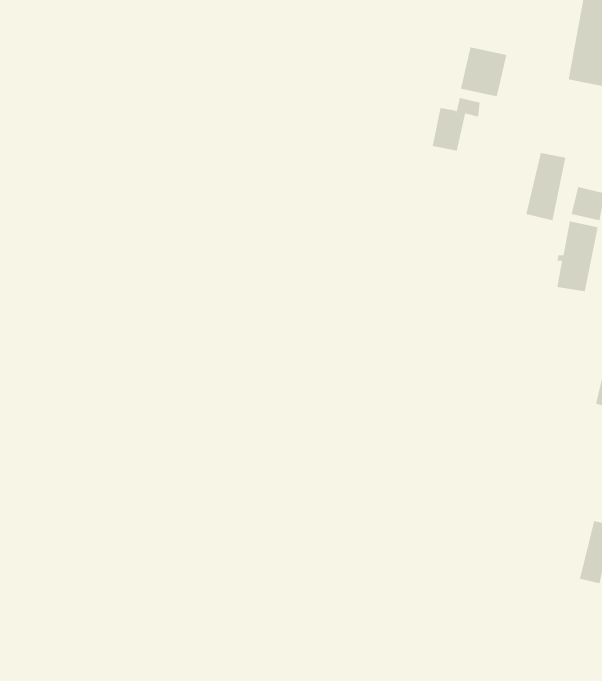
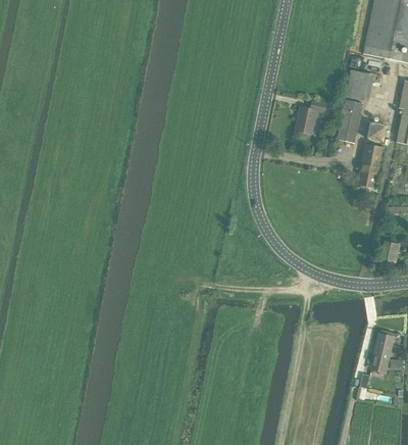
building: [460,47,507,97] -> [344,69,373,101]
building: [432,98,480,151] -> [295,99,325,133]

